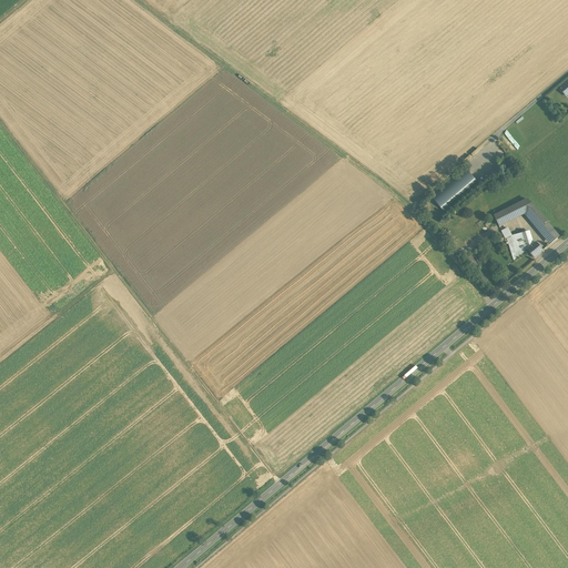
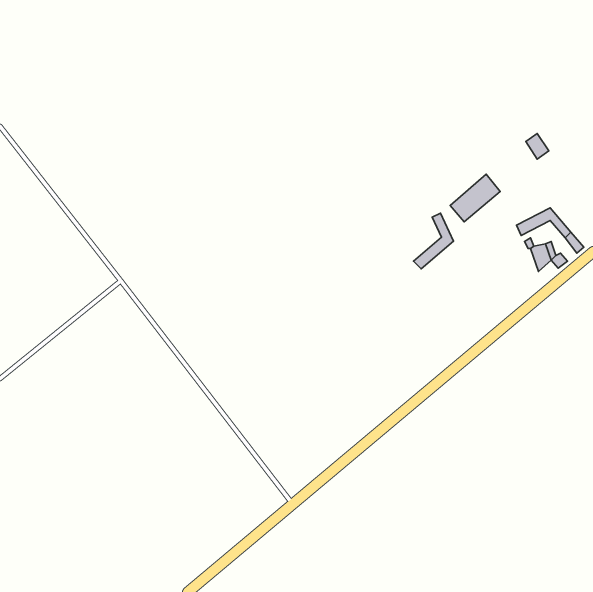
building: none -> [414,213,454,269]

